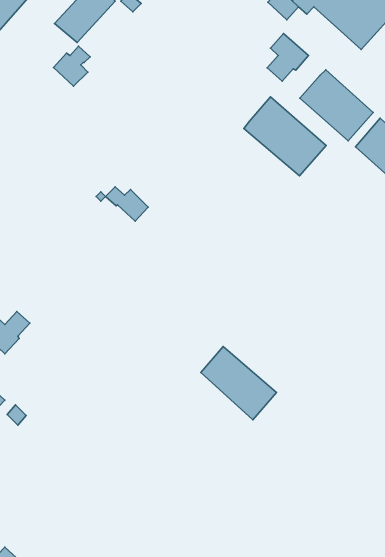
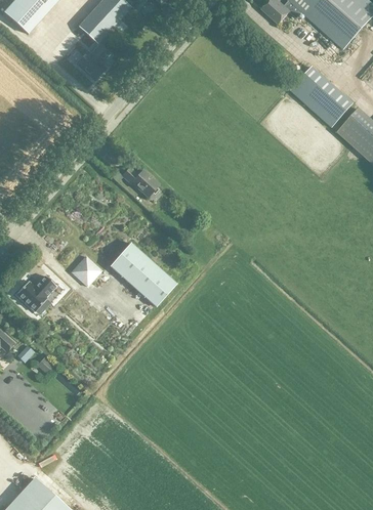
building: [267,34,309,81] -> none
building: [244,97,326,176] -> none
building: none -> [70,255,101,287]
building: [201,346,276,420] -> [110,243,175,306]

